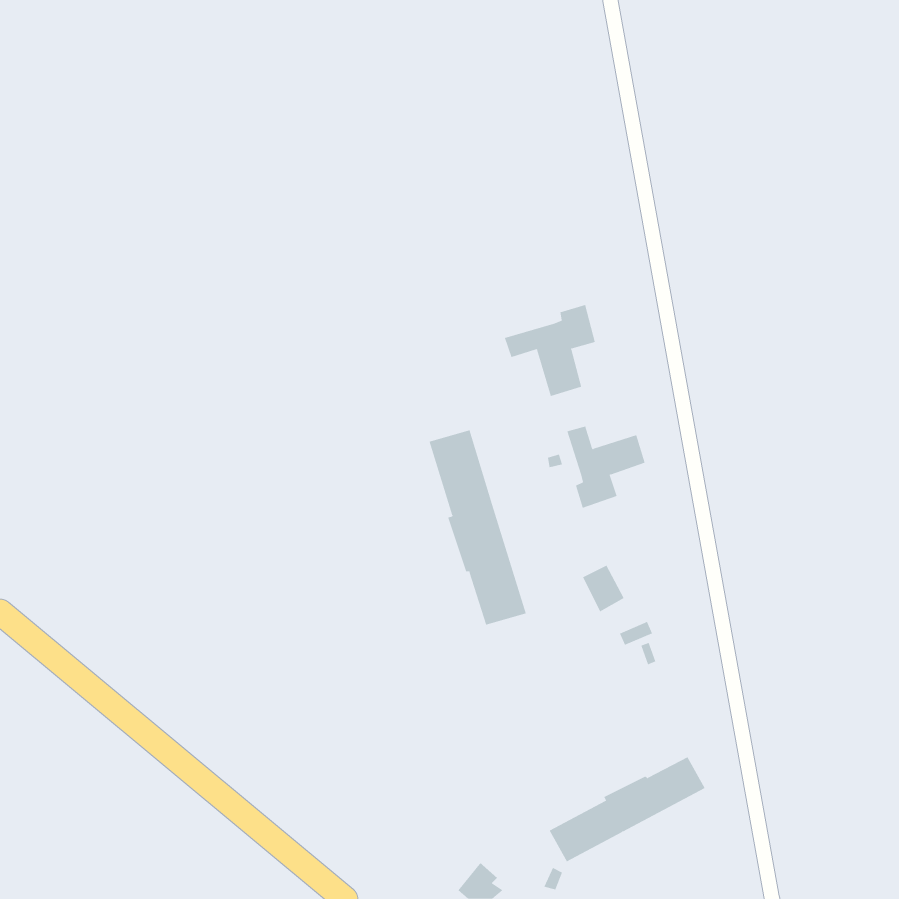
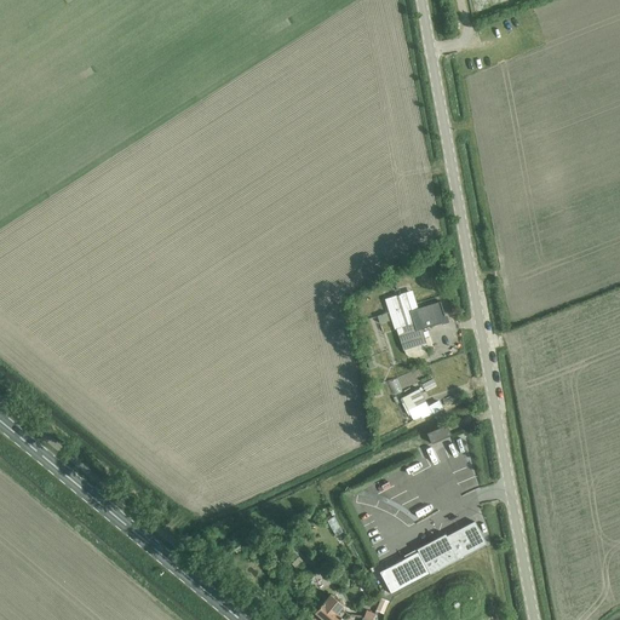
building: [504,304,596,397] -> none
building: [429,430,526,625] -> none

